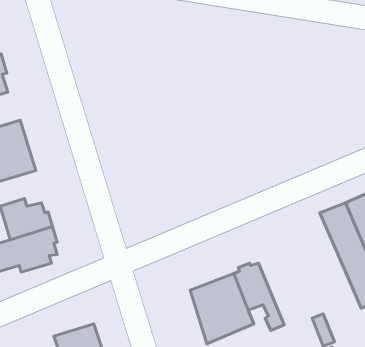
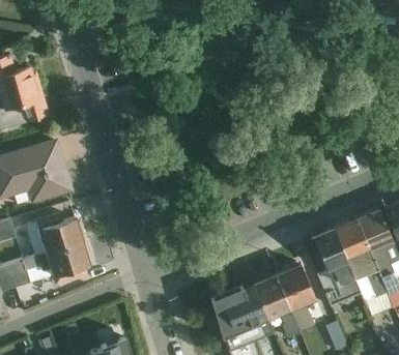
building: none -> [313,228,361,304]
building: none -> [276,262,314,331]

